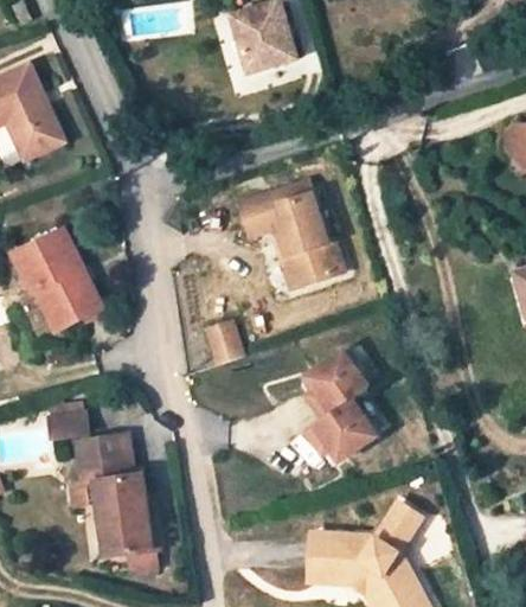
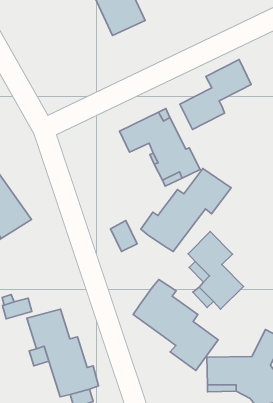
building: none -> [180,60,251,129]
building: none -> [141,169,231,252]
building: none -> [133,279,218,370]

